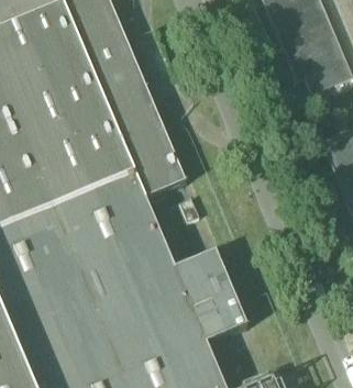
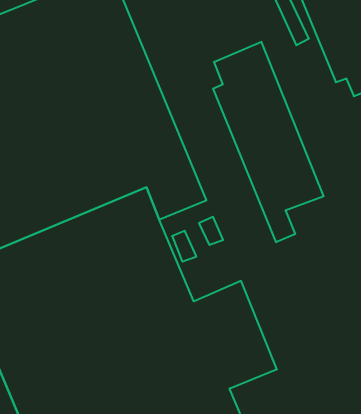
building: none -> [213,42,324,242]

